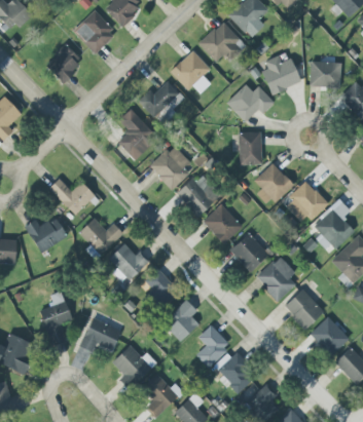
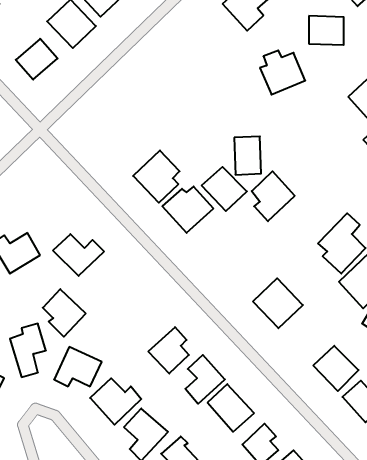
building: [198,22,245,62] -> none
building: [170,50,211,93] -> none
building: [310,62,340,87] -> [309,16,344,45]
building: [142,80,184,118] -> none
building: [226,84,274,122] -> none
building: [117,114,156,158] -> none
building: [48,178,95,215] -> none
building: [288,180,328,221] -> none
building: [202,204,242,243] -> [202,167,247,211]
building: [229,232,269,272] -> none
building: [109,241,147,283] -> [43,289,86,337]
building: [144,269,178,307] -> none
building: [283,289,323,330] -> none

